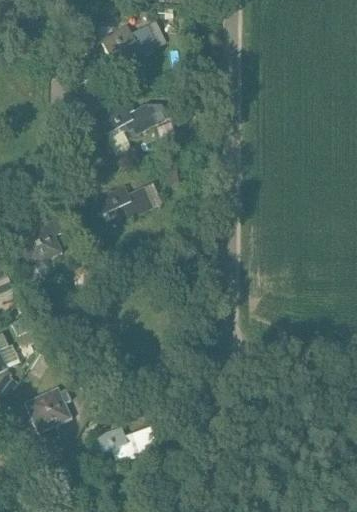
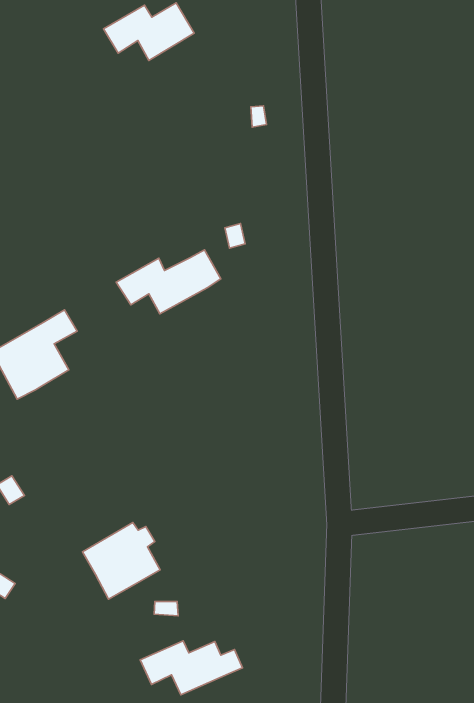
building: [98,104,169,139] -> none
building: [24,387,72,434] -> [83,523,160,599]

